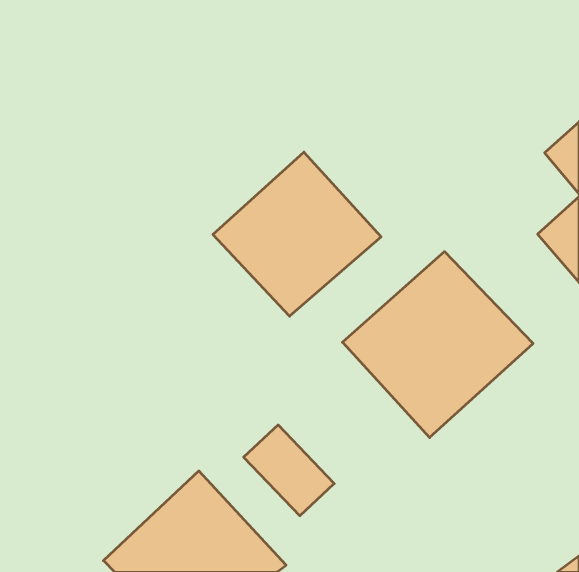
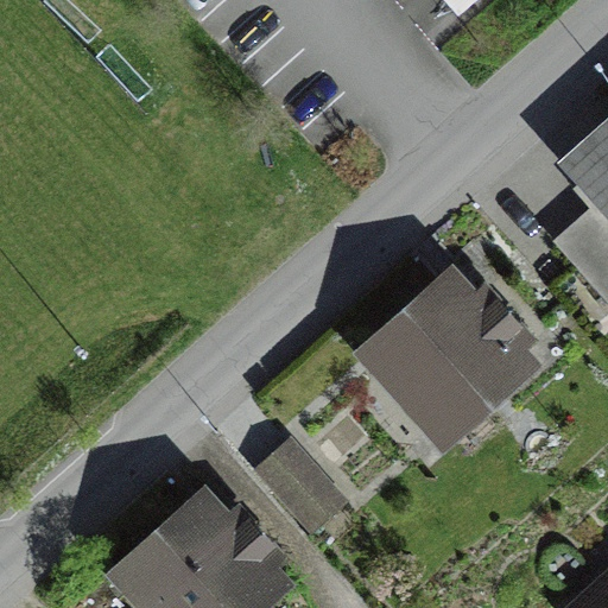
building: [213,152,381,316] -> none

